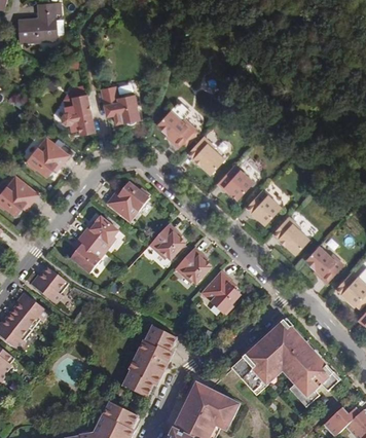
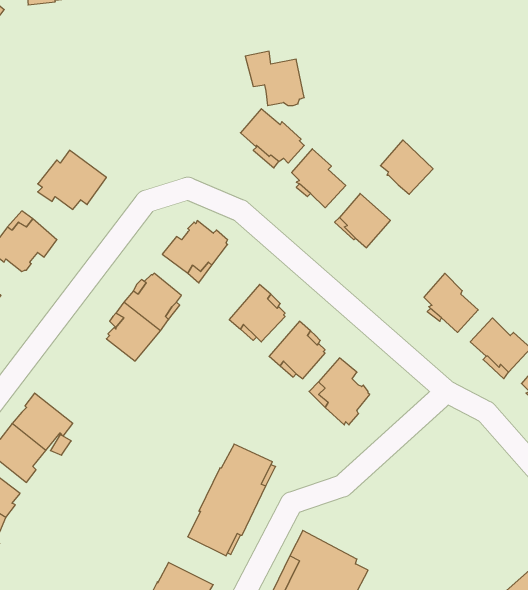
building: [101,88,139,123] -> [245,51,304,106]
building: [61,94,95,135] -> none
building: [247,189,281,224] -> [380,140,433,194]
building: [31,265,69,303] -> none
building: [231,322,337,400] -> none

